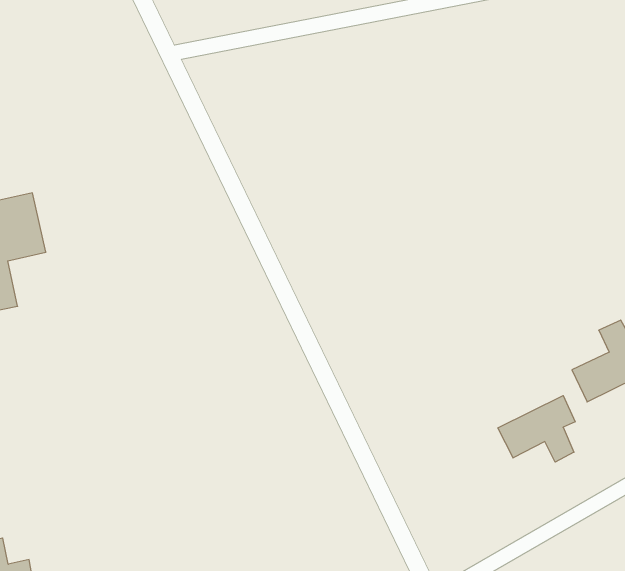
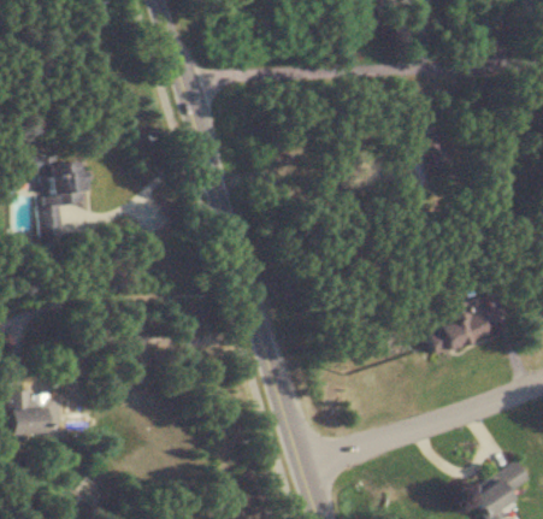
building: [498,396,575,462] -> none

